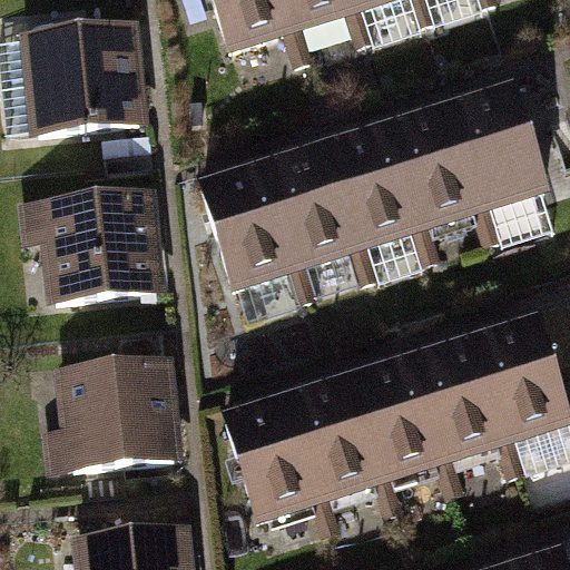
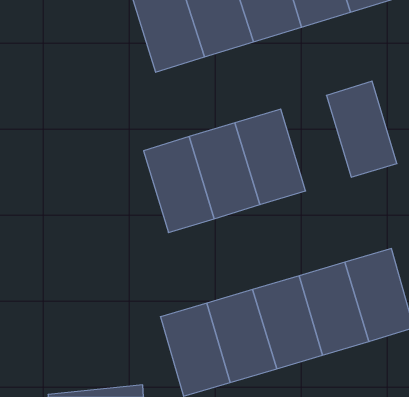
building: [7,31,147,141] -> none
building: [391,132,489,265] -> none
building: [23,199,164,311] -> none
building: [48,372,189,483] -> none

